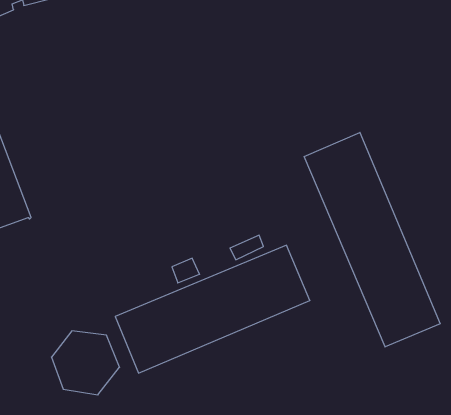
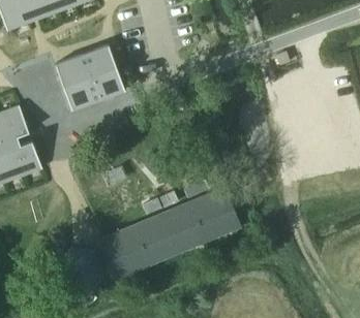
building: none -> [54,44,124,109]
building: [304,132,440,347] -> none

